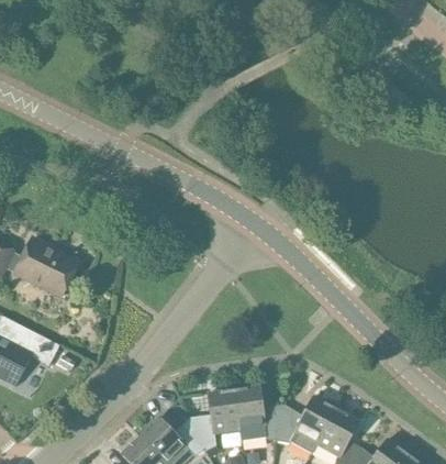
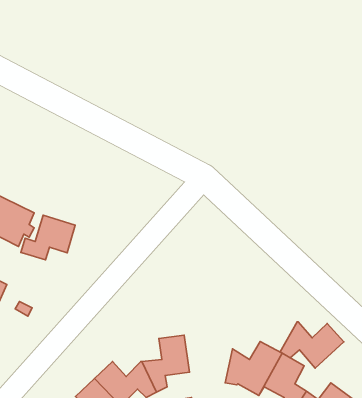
building: none -> [21,215,75,260]
building: none -> [280,322,344,368]
building: [232,388,282,442] -> none

